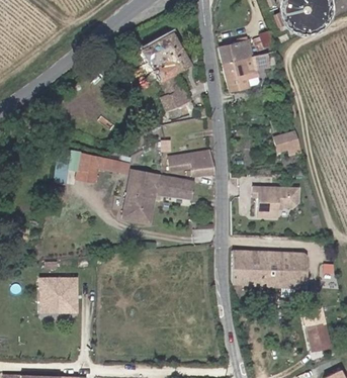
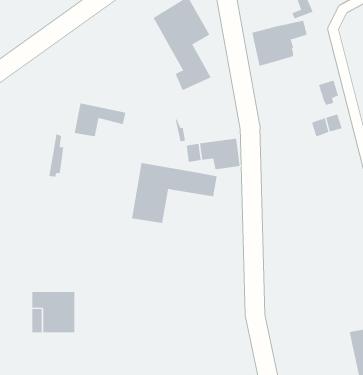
building: [221,40,253,63] -> none
building: [77,154,120,182] -> [74,103,126,137]
building: [252,186,298,217] -> none
building: [234,251,307,288] -> none

